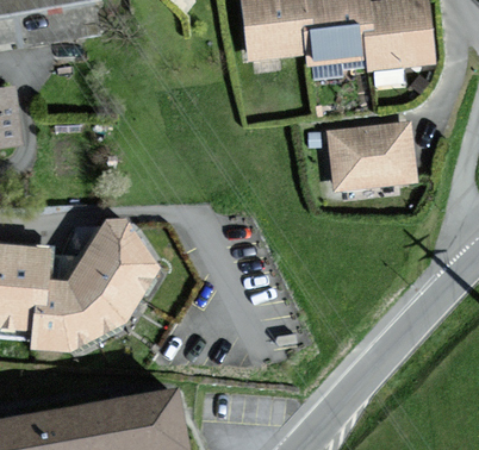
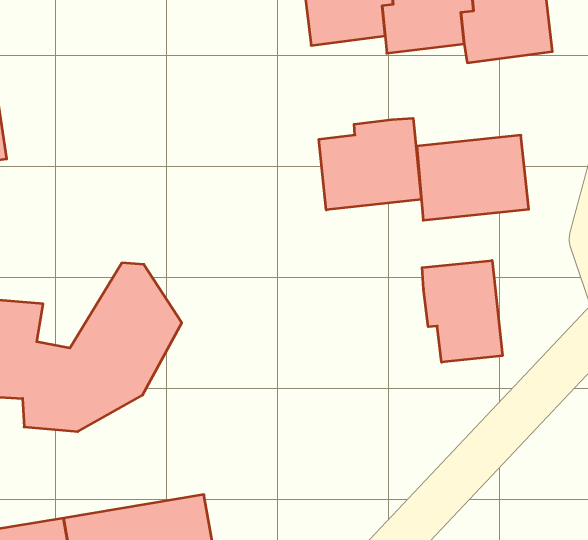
building: none -> [319,118,421,210]
building: none -> [422,260,502,362]

